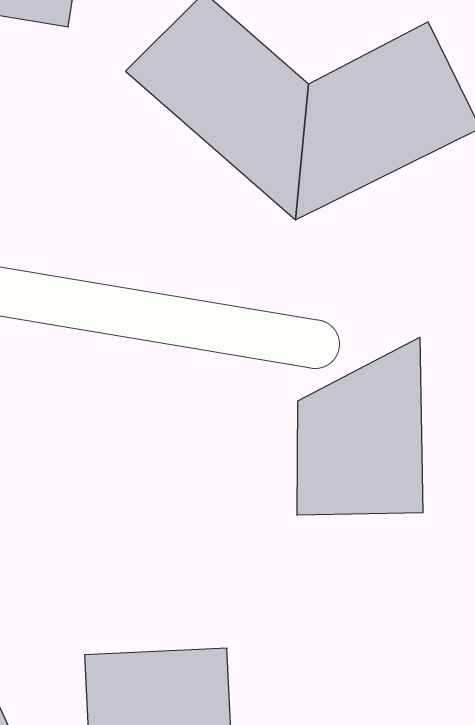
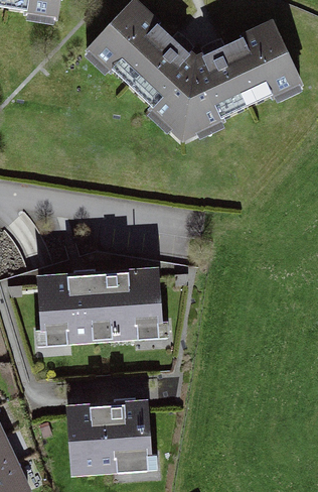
building: [297,337,423,515] -> none
building: none -> [38,268,156,344]

